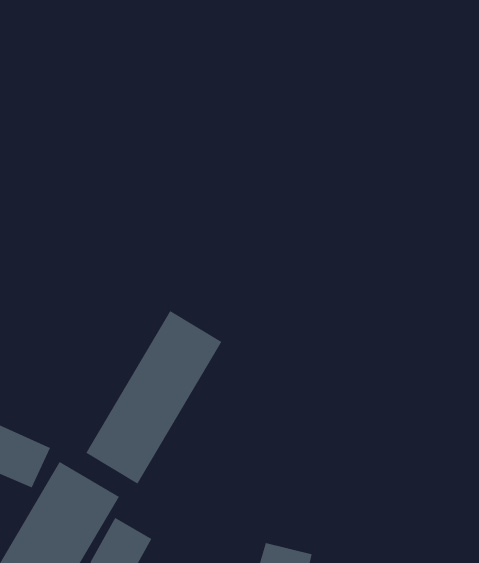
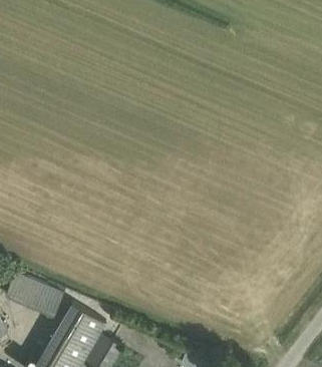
building: [85,310,222,484] -> none

